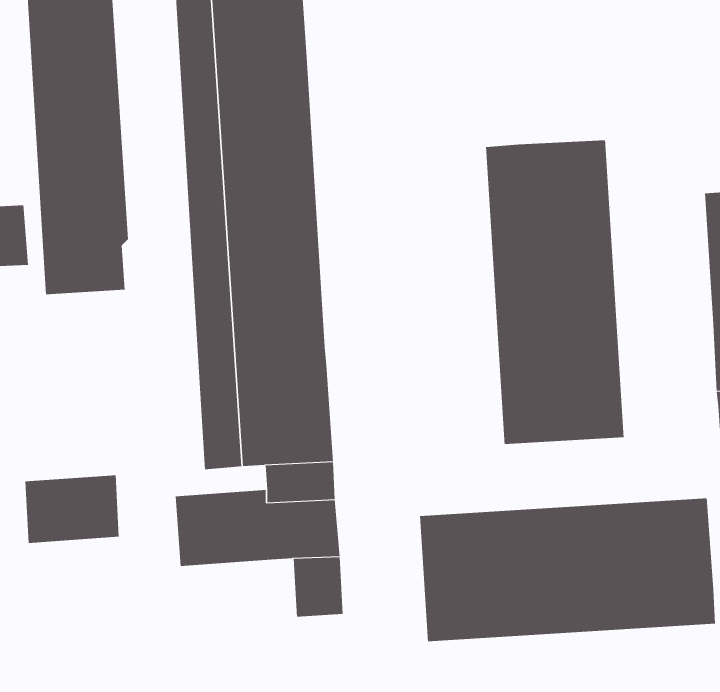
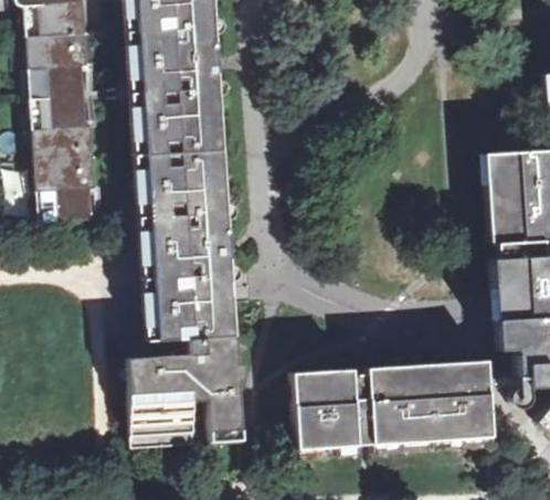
building: [486,139,624,445] -> none
building: [25,475,120,543] -> [130,401,194,447]

